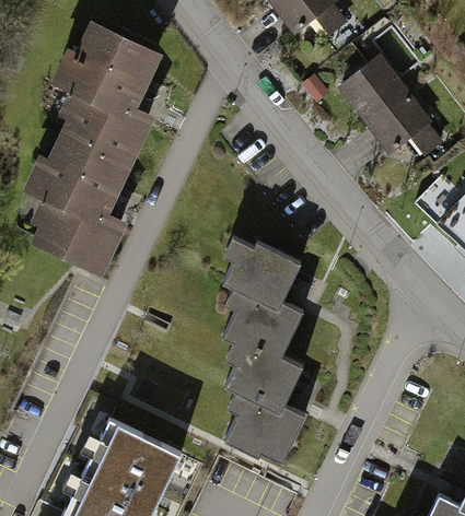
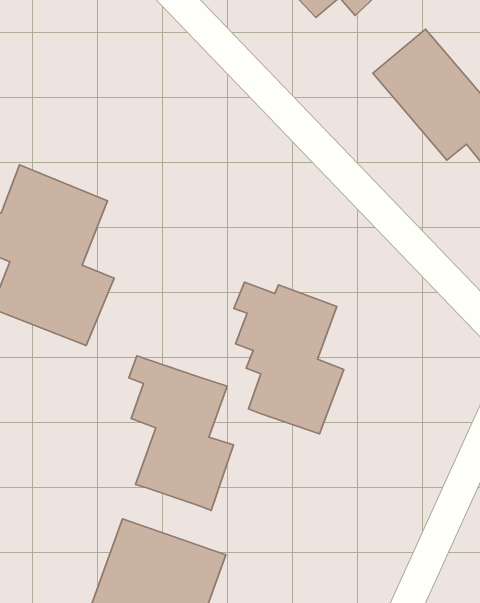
building: [61,28,154,166] -> none
building: [221,341,300,466] -> [129,356,234,510]

